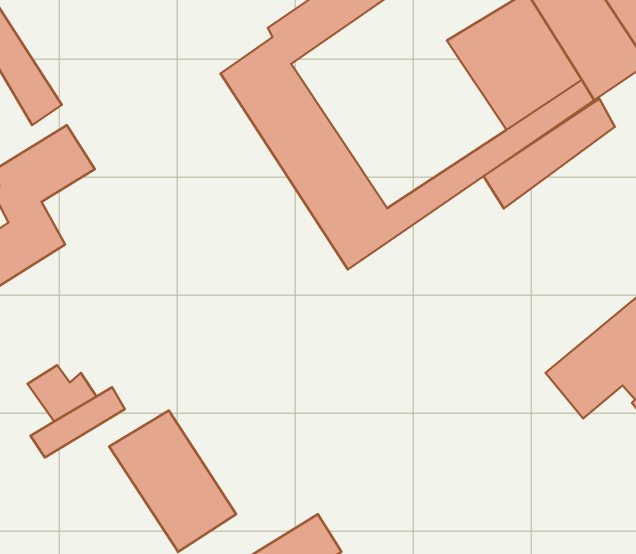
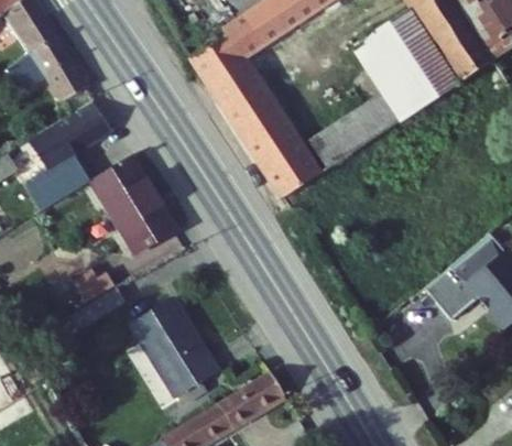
building: [483,99,615,209] -> none
building: none -> [87,160,170,250]

